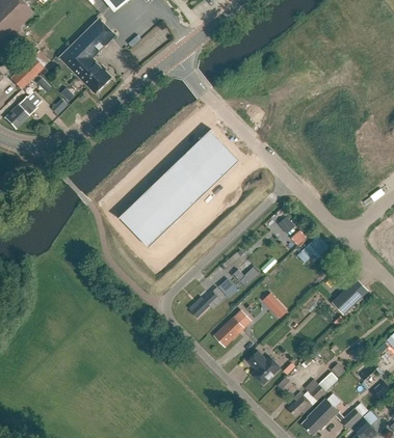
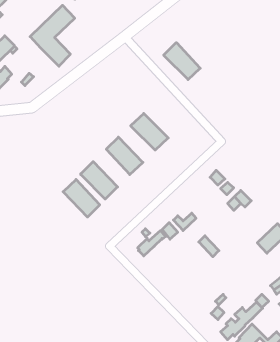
building: [196,133,240,176] -> [164,43,200,80]
building: [166,162,210,206] -> none
building: [136,190,180,235] -> [63,179,100,217]
building: [215,309,251,345] -> none
building: [245,350,279,383] -> none

